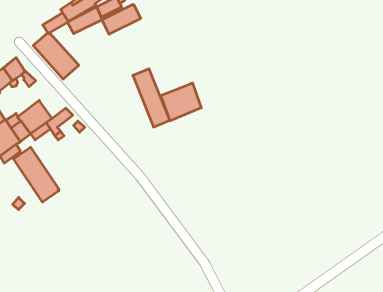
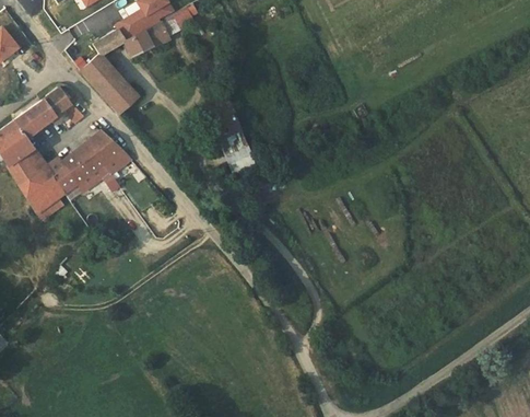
building: [102,4,141,34] -> none
building: [161,83,201,121] -> none
building: none -> [89,131,122,164]
building: [13,147,59,202] -> none

